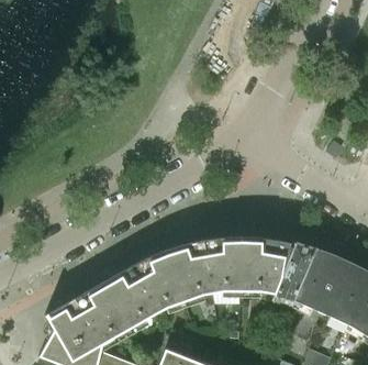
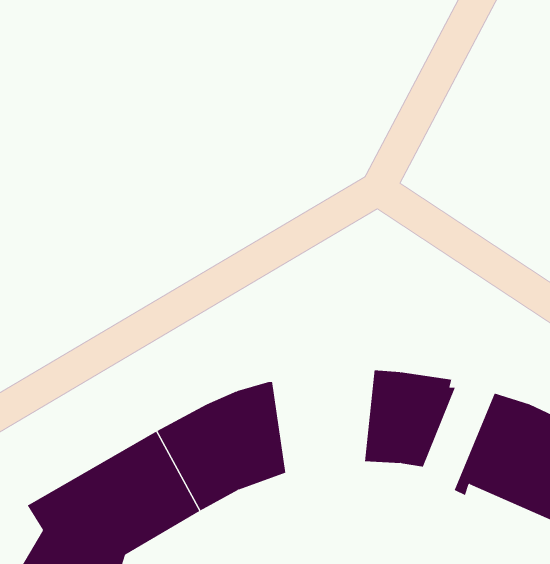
building: [187,237,245,297] -> none
building: [270,244,314,309] -> none

